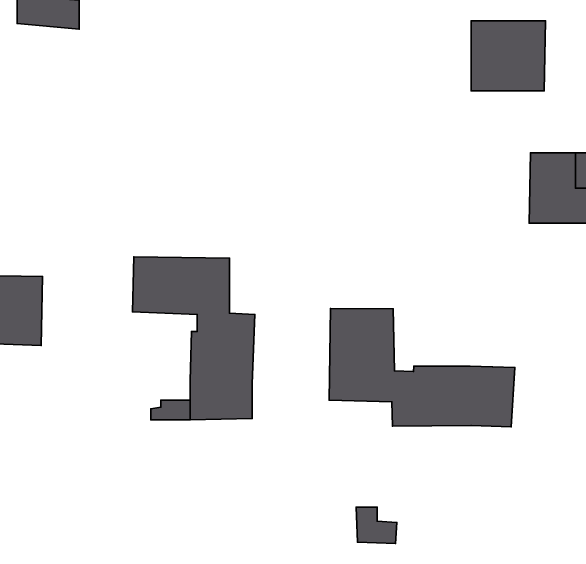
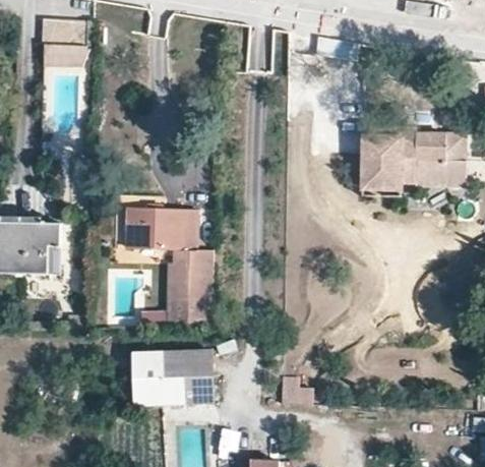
building: [471,21,546,91] -> [359,132,413,183]
building: [329,309,515,427] -> none
building: none -> [135,351,210,403]

